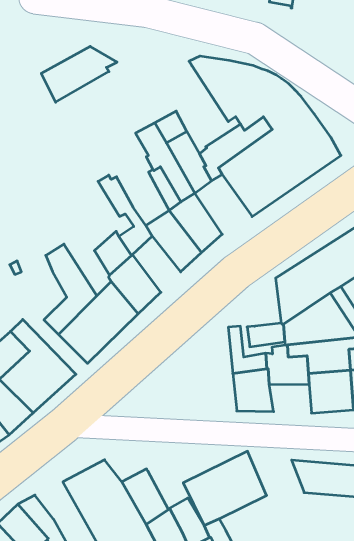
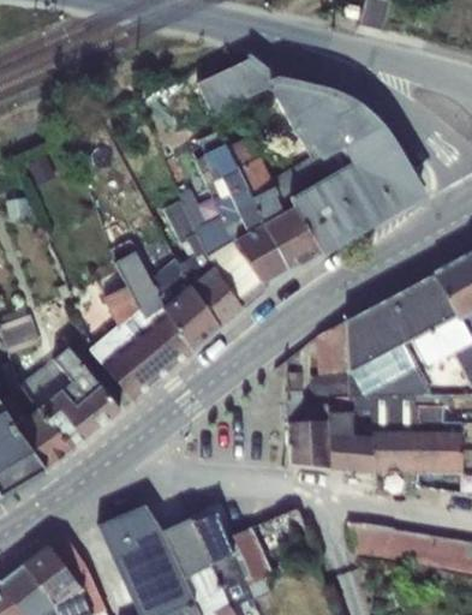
building: [41,46,117,102] -> [197,58,280,115]
building: none -> [178,189,234,256]
building: none -> [263,207,323,271]
building: none -> [115,251,166,328]
building: none -> [191,268,241,329]
building: none -> [315,323,346,374]
building: none -> [328,437,371,472]
building: none -> [190,514,231,565]

